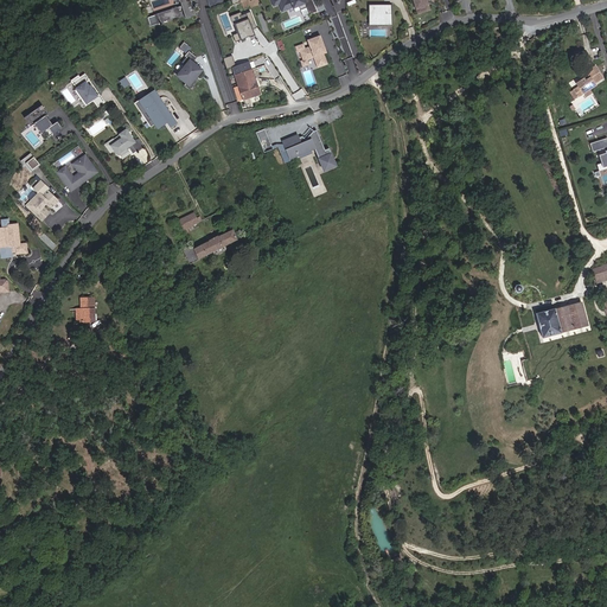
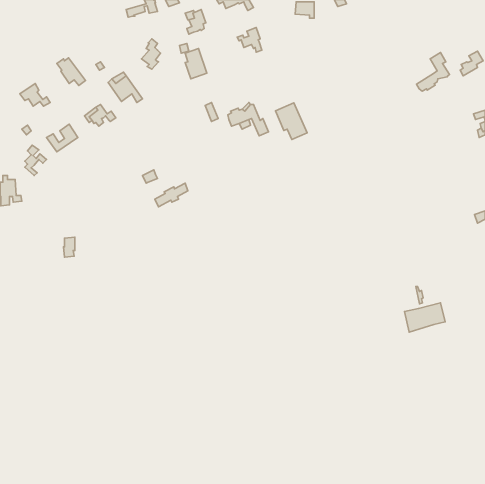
building: none -> [417,52,449,91]
building: none -> [275,103,307,139]
building: [536,301,587,338] -> [404,303,445,332]

